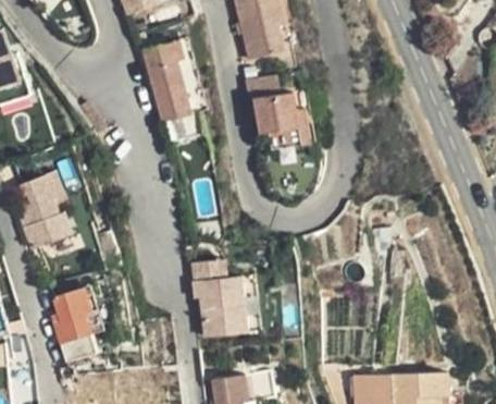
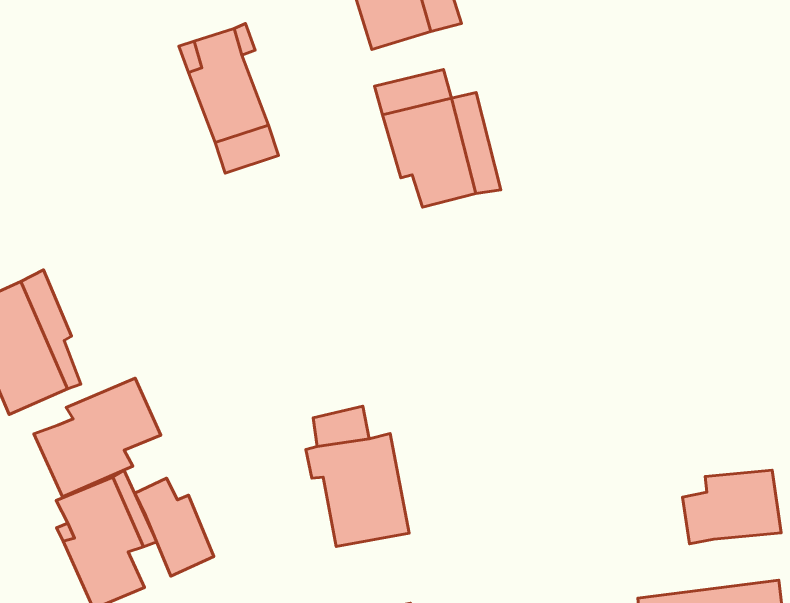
building: none -> [34,378,161,497]
building: none -> [135,478,214,576]
building: none -> [682,470,781,544]

